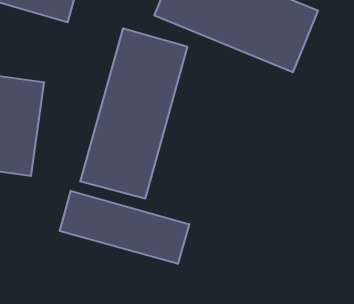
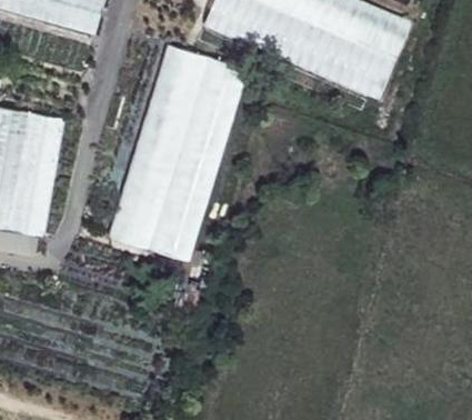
building: [60,191,189,264] -> none

